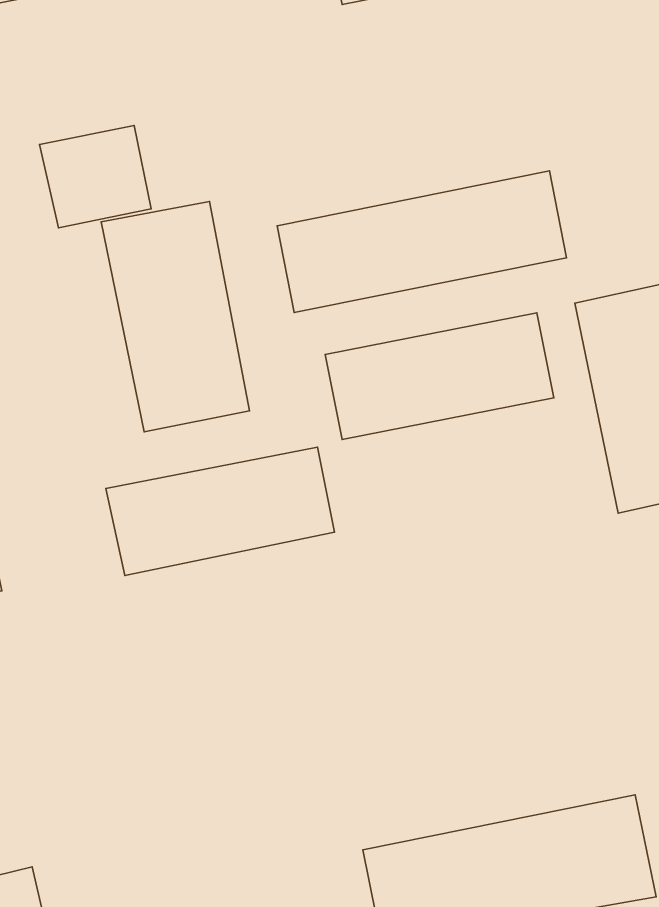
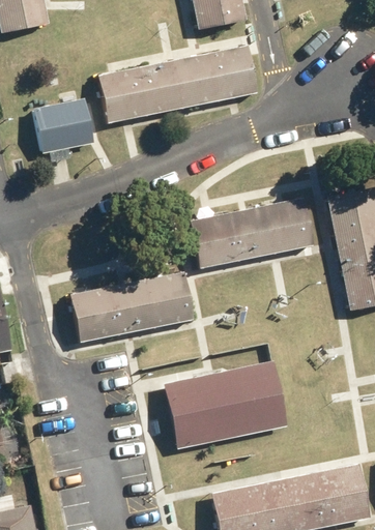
building: [277,171,566,313] -> [96,47,255,124]
building: [101,202,249,432] -> none
building: none -> [163,359,288,447]

